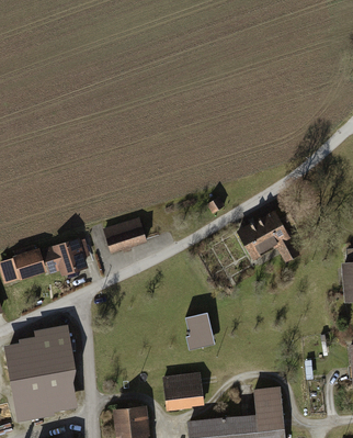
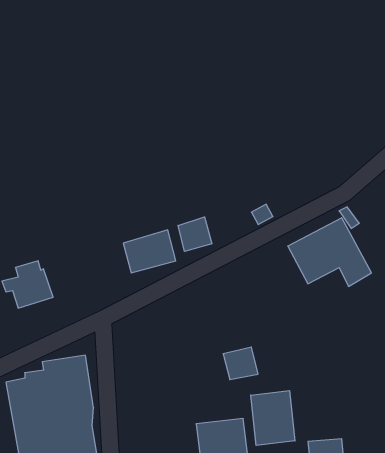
building: none -> [178,217,212,251]
building: [41,236,90,278] -> none
building: none -> [251,391,295,445]

